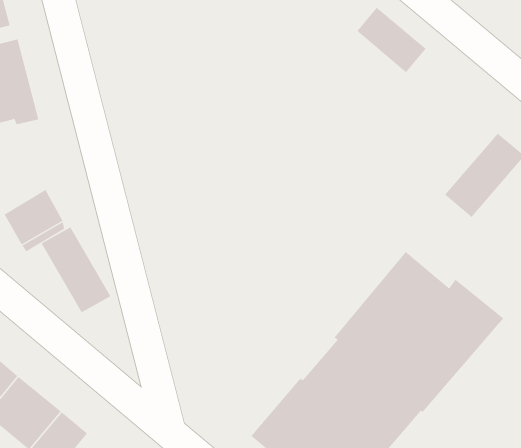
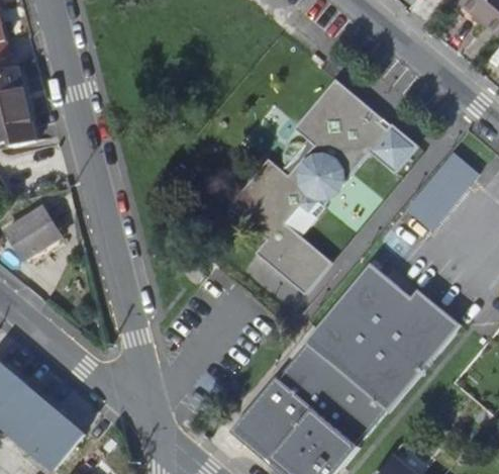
building: [356,7,426,73] -> none
building: none -> [227,81,418,299]
building: [41,226,111,313] -> none

